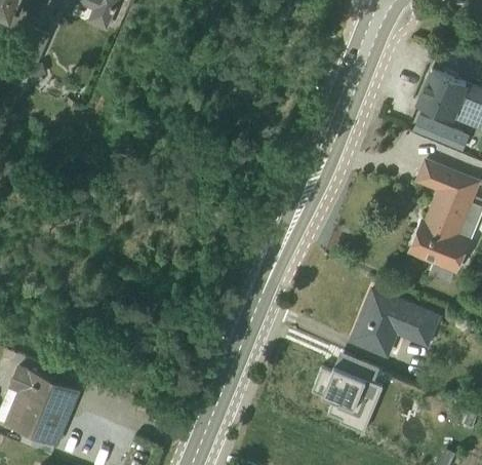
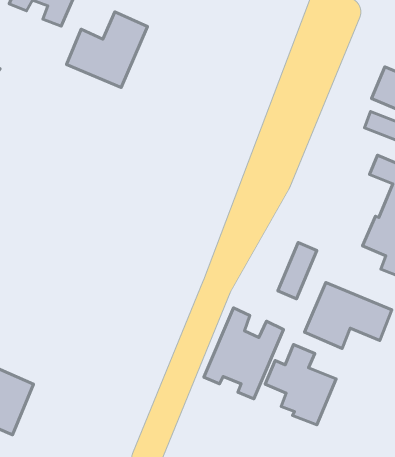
building: none -> [67,12,147,88]
building: none -> [278,242,317,299]
building: none -> [204,308,283,399]

